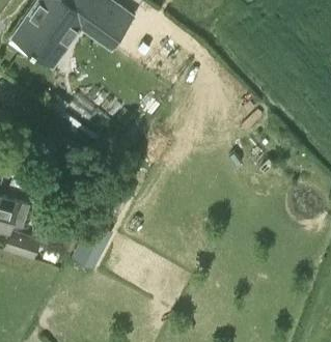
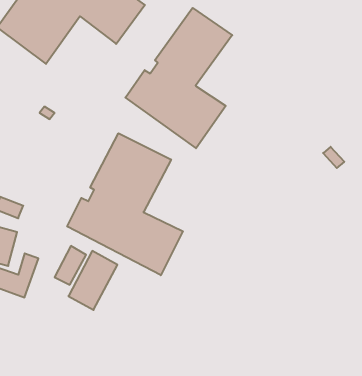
building: none -> [125,8,232,148]
building: none -> [67,133,183,275]

